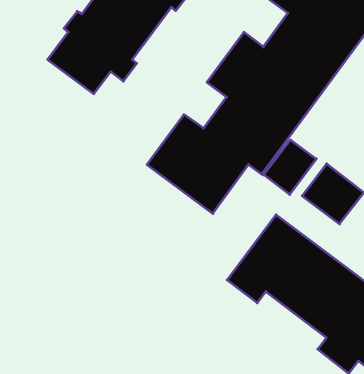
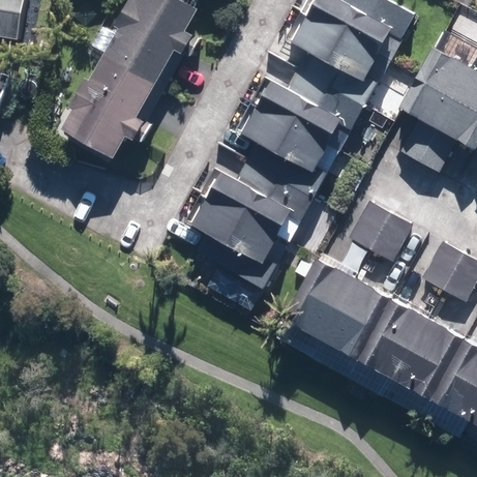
building: [264,140,316,195] -> none

